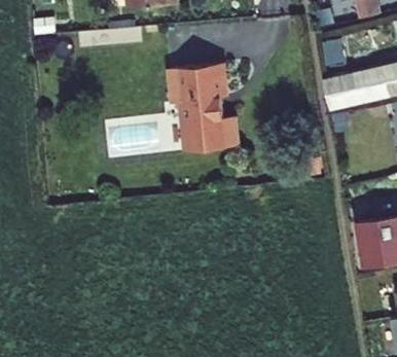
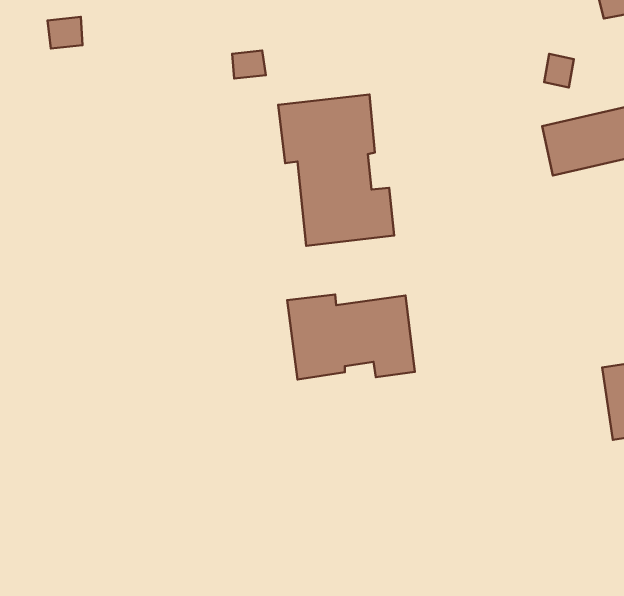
building: none -> [287,294,415,380]

